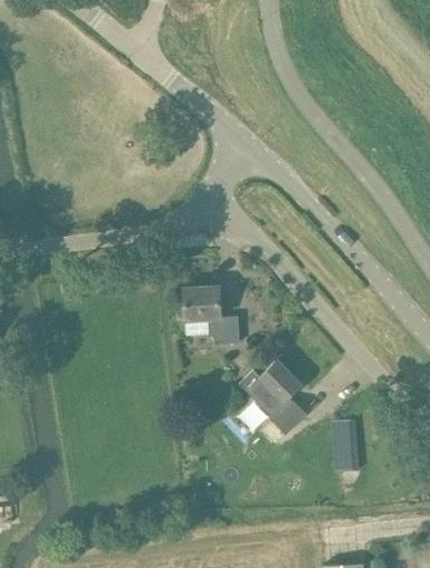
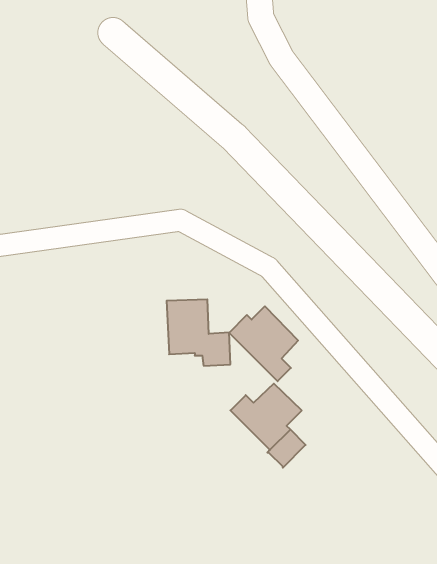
building: none -> [229,306,298,381]
building: [332,419,359,472] -> none

